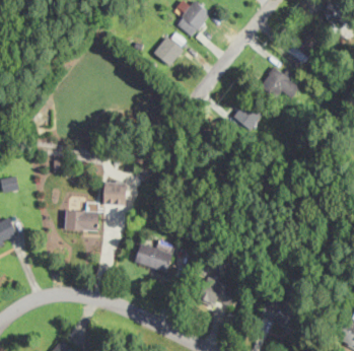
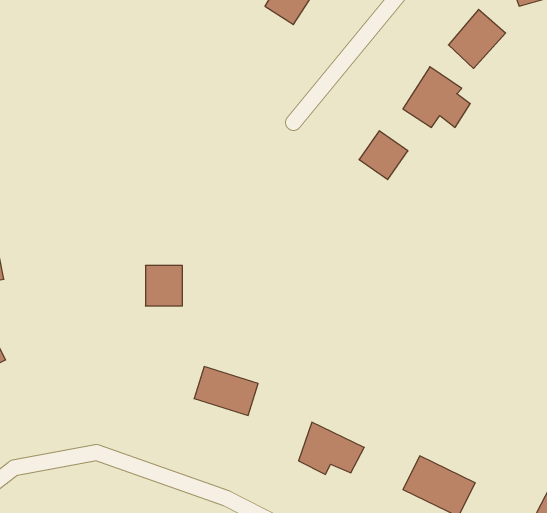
building: [153,30,187,65] -> none
building: [65,210,98,230] -> none

